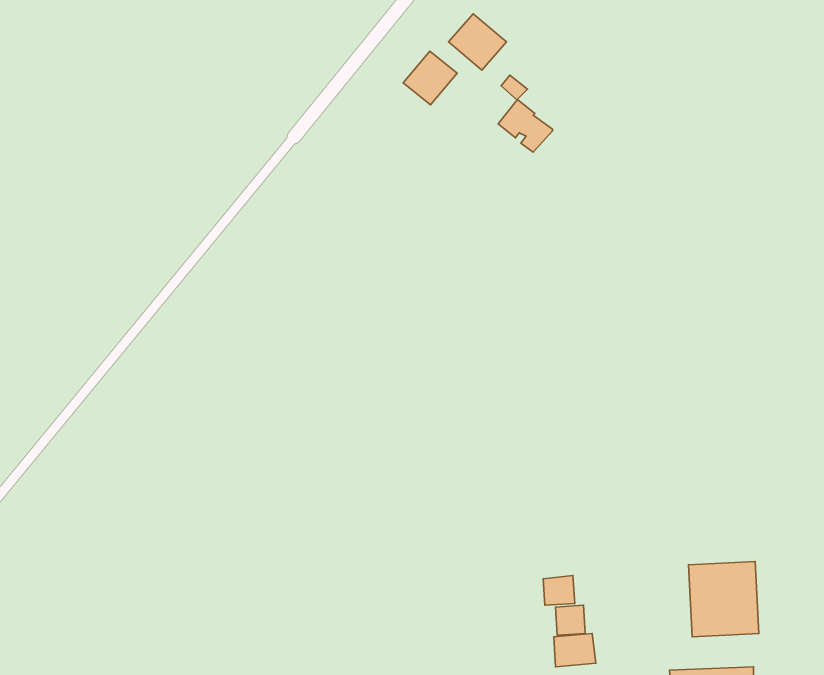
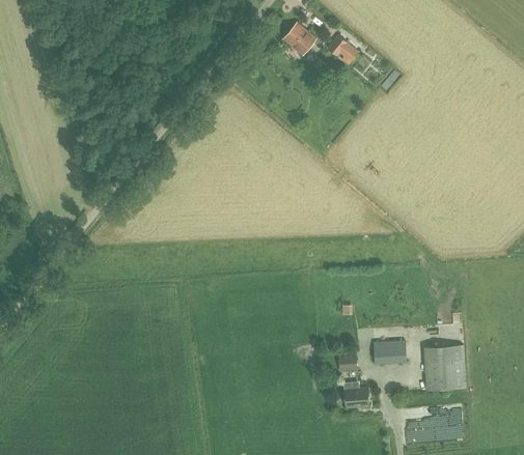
building: [403,51,457,105] -> none
building: [498,99,552,152] -> [326,33,358,64]
building: none -> [373,340,405,363]

